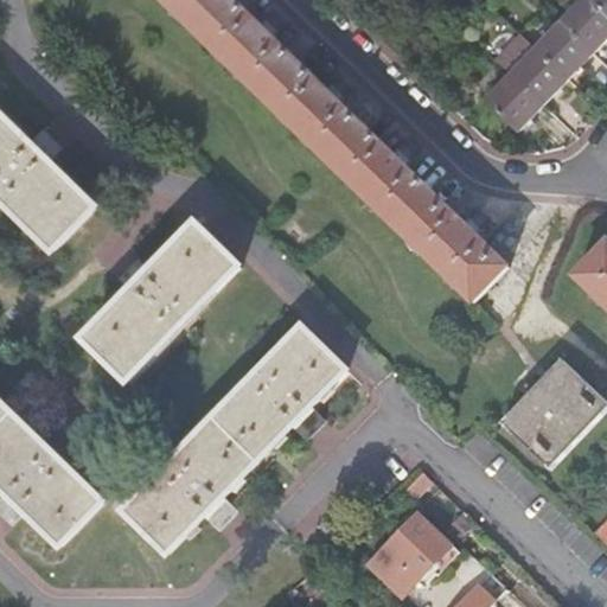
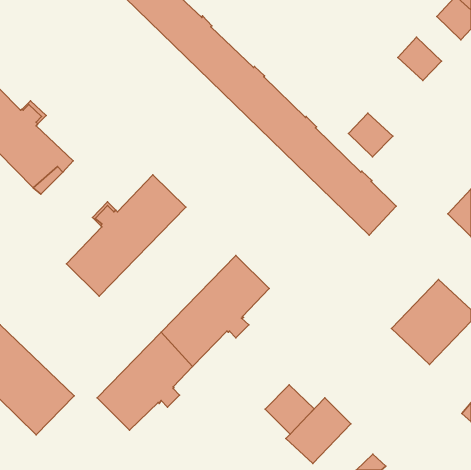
building: [533,21,590,78] -> none
building: [485,74,542,129] -> [348,113,393,157]
building: none -> [265,385,314,434]

